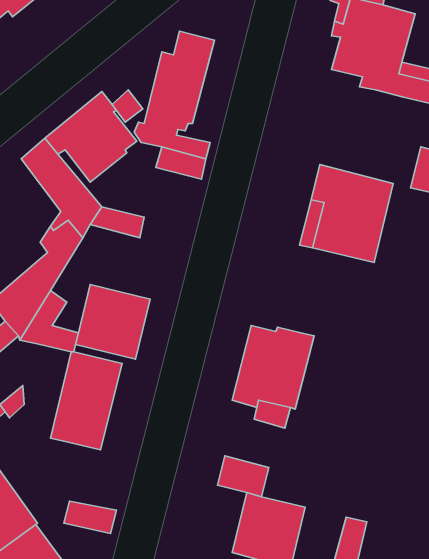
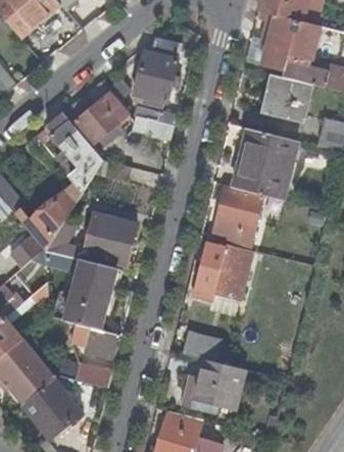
building: none -> [263,74,312,121]
building: none -> [212,186,262,246]
building: none -> [70,323,122,357]

